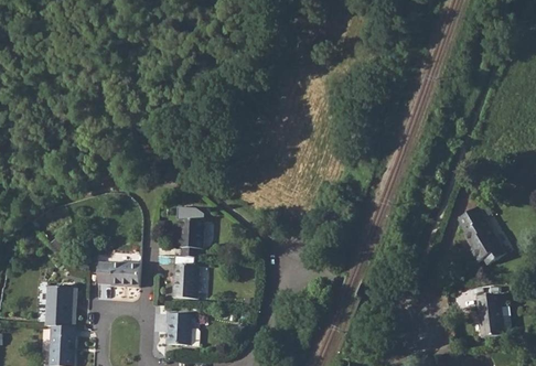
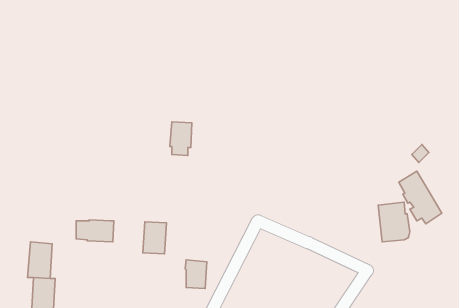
building: [181,217,205,255] -> [170,122,192,156]
building: [478,291,513,335] -> [378,202,410,242]
building: [169,311,193,343] -> [185,260,207,289]

